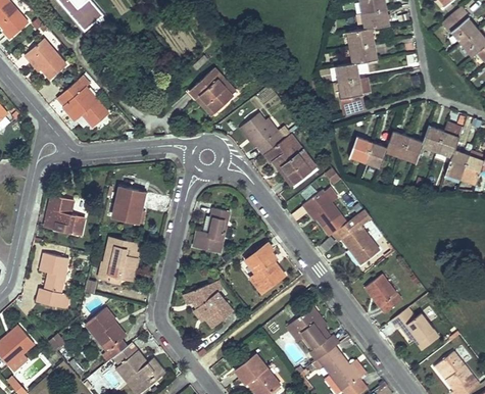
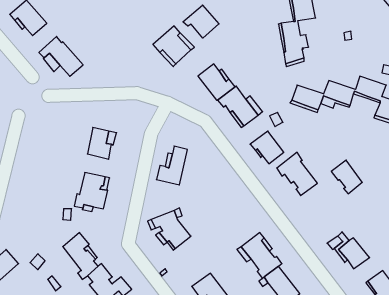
building: none -> [183,5,219,38]
building: [47,195,85,236] -> none
building: [245,244,284,292] -> none
building: [37,252,68,307] -> none
building: [365,274,400,312] -> [331,160,362,194]

